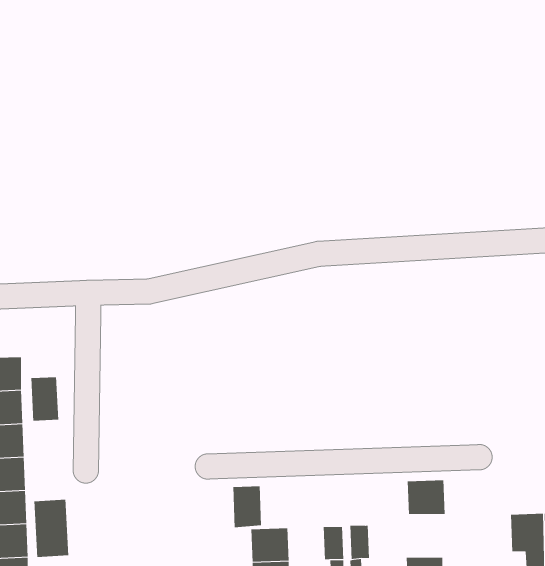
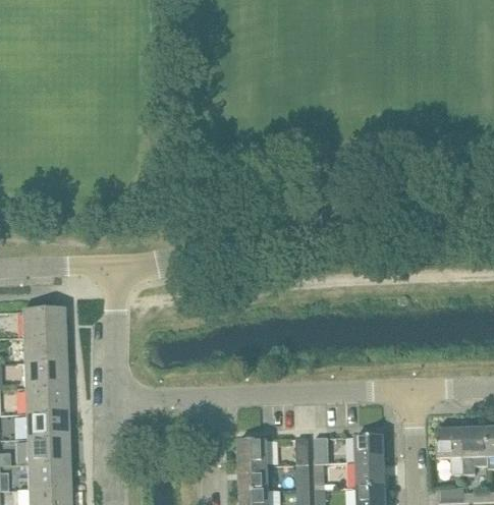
building: [31,376,59,421] -> none
building: [407,480,446,514] -> [355,435,385,461]
building: [233,485,262,528] -> none
building: [34,499,69,558] -> none

